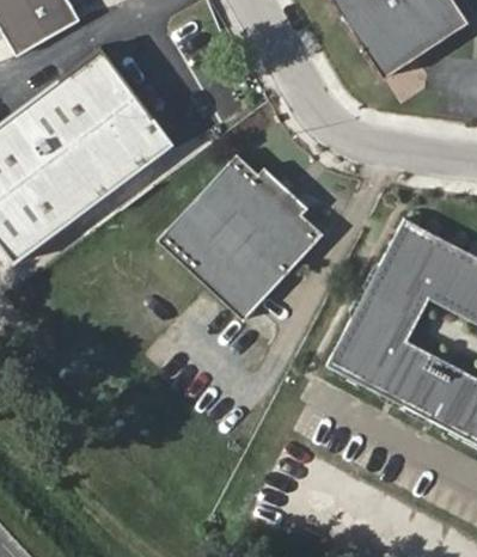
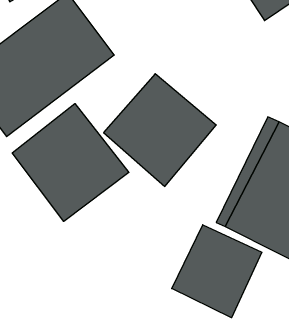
building: none -> [12,104,129,221]
building: none -> [172,225,262,318]

